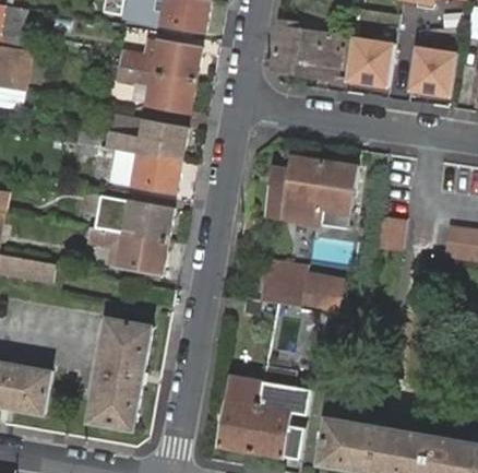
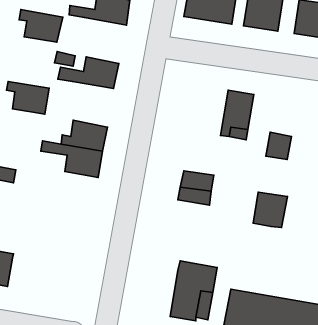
building: [139,70,194,111] -> [19,10,63,42]
building: [123,152,178,193] -> [6,81,49,114]
building: [266,158,324,221] -> none
building: [300,270,344,315] -> [253,192,287,227]
building: [87,317,152,430] -> none
building: [218,373,263,451] -> none

